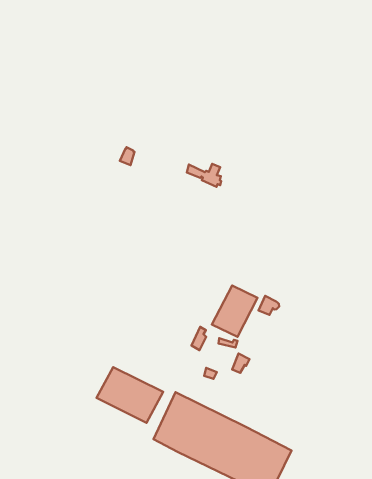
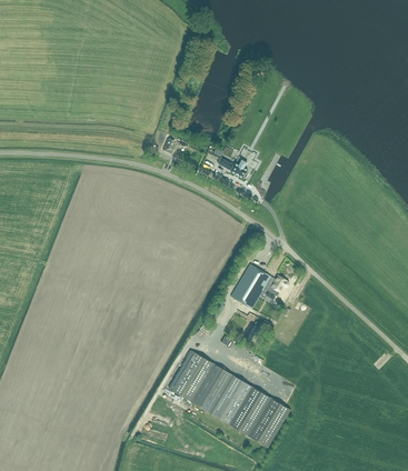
building: [97,367,163,423] -> none

